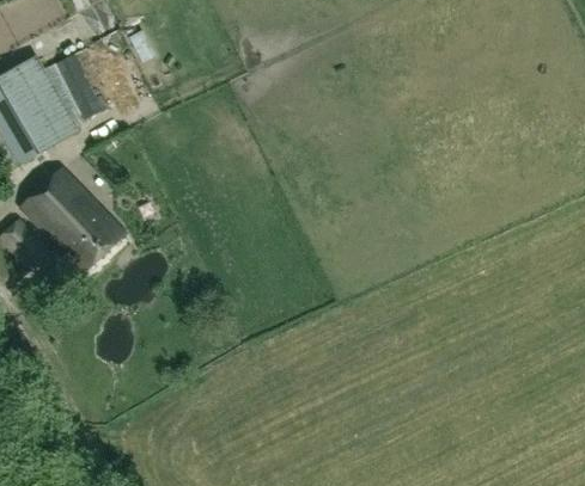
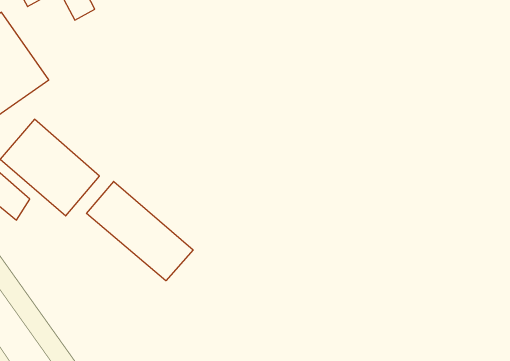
building: [59,50,105,116] -> none
building: none -> [87,181,193,281]

